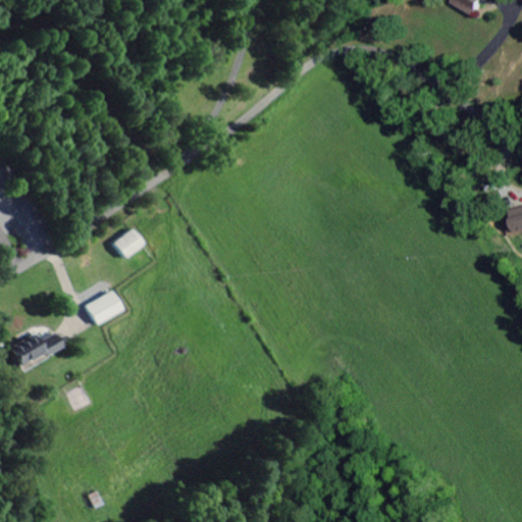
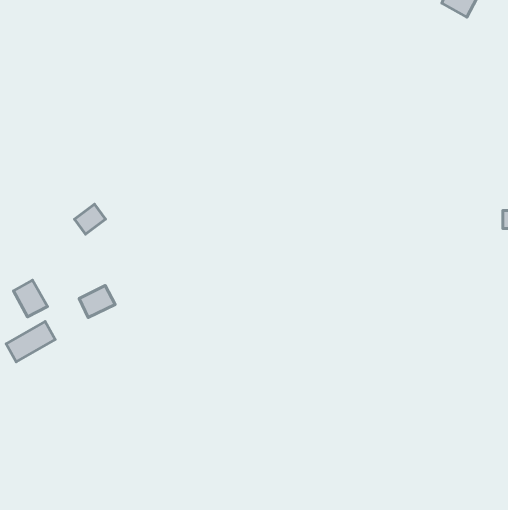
building: [112,228,144,259] -> [75,204,106,234]
building: none -> [13,280,47,317]

